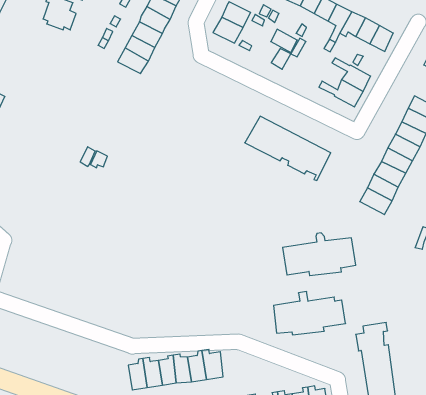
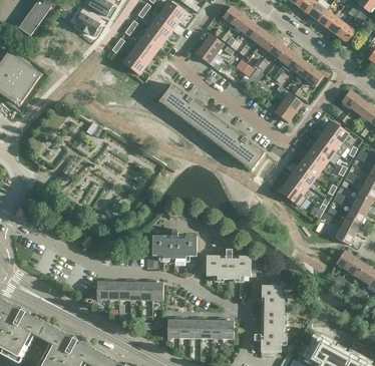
building: none -> [158,83,219,135]
building: [283,233,356,276] -> [146,229,197,259]

